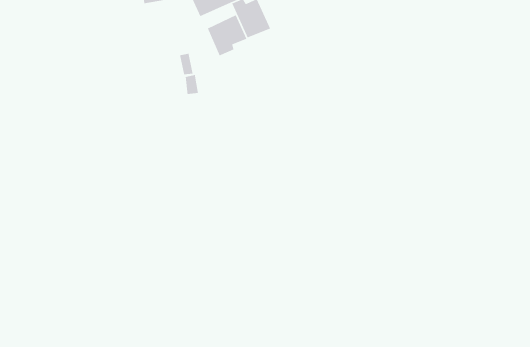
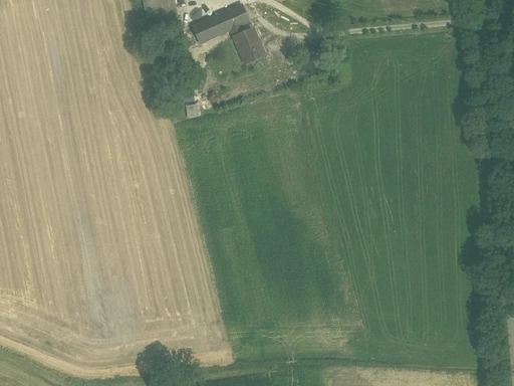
building: [207,14,247,57] -> none

